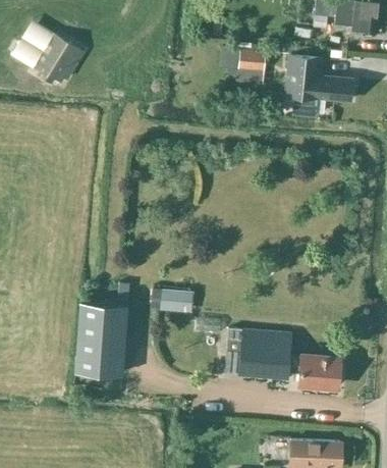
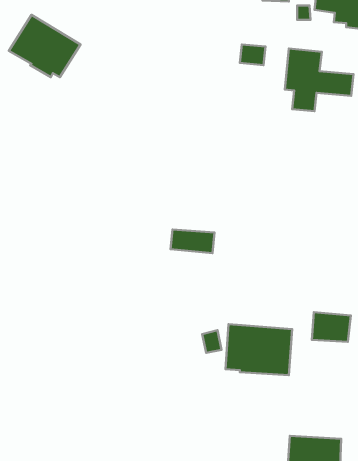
building: [150,290,193,313] -> [171,230,215,253]
building: [76,304,127,375] -> none
building: [300,357,339,386] -> [312,312,351,342]

